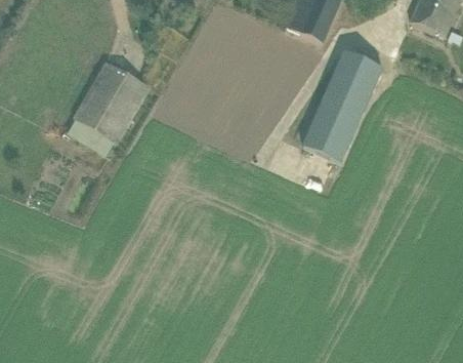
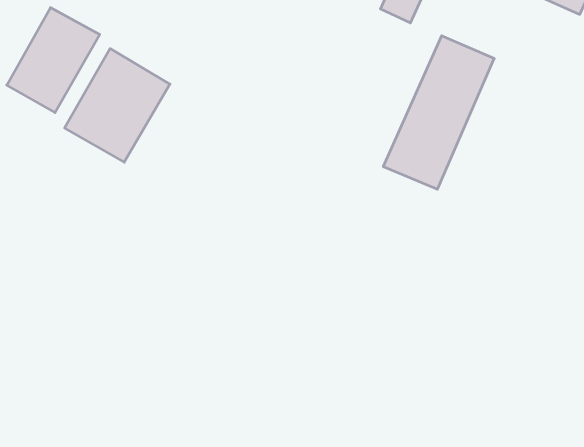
building: none -> [7,8,100,113]

